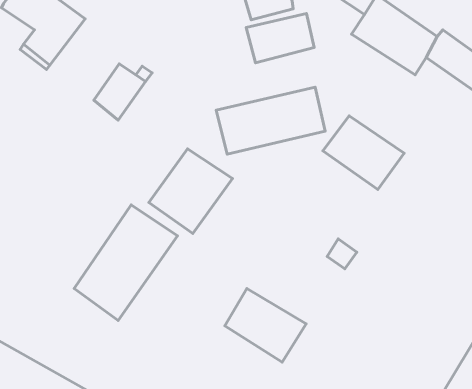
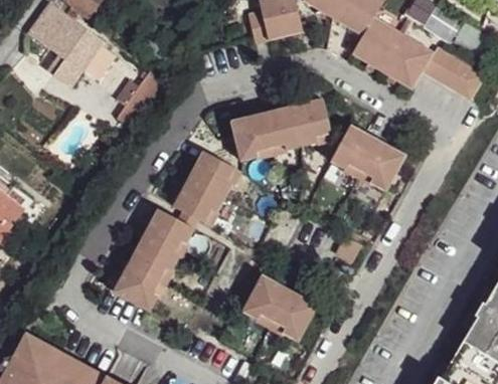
building: [246,13,314,63] -> none

